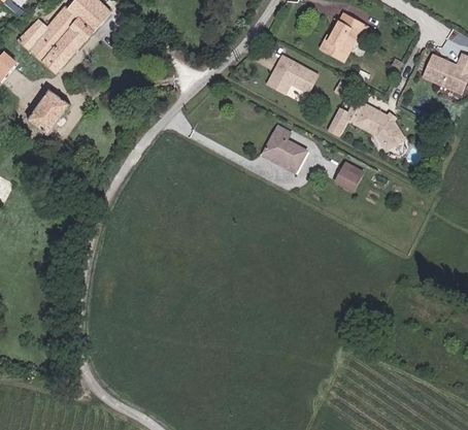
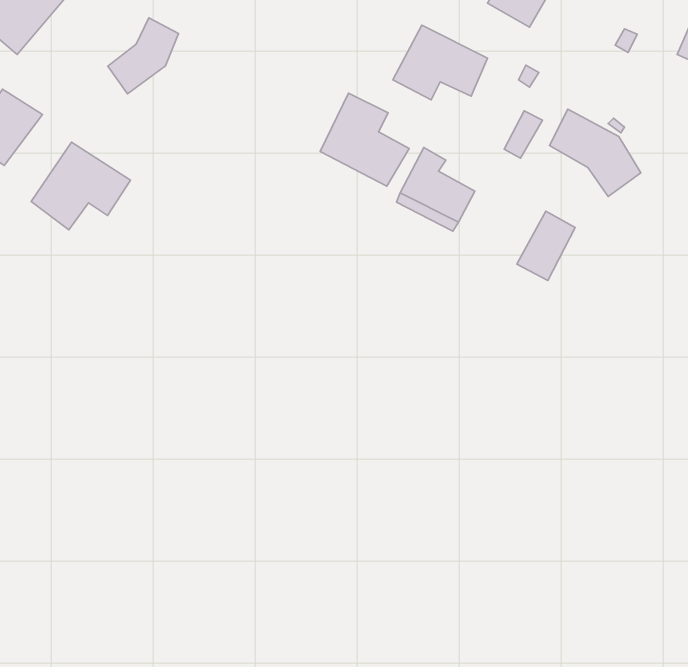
building: none -> [108,18,179,94]
building: none -> [320,93,409,186]
building: none -> [31,142,130,230]

